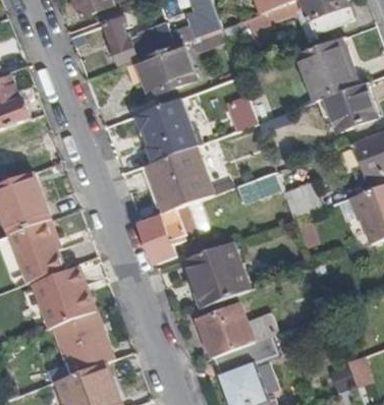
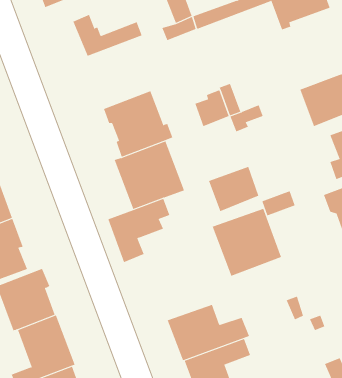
building: [297,37,359,100] -> none
building: [120,42,196,95] -> none
building: [182,241,250,306] -> [212,208,282,276]

